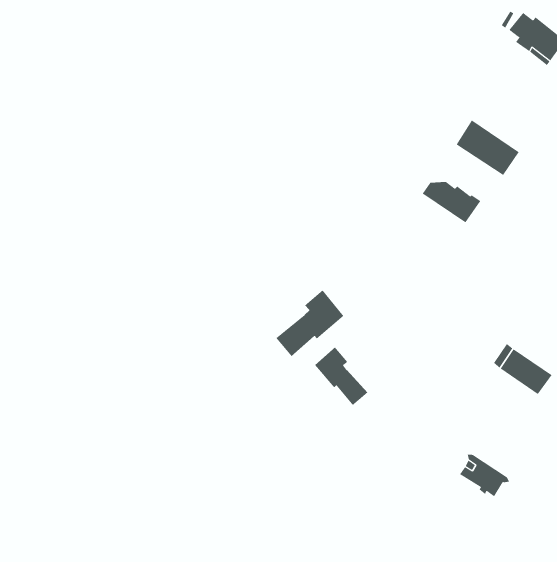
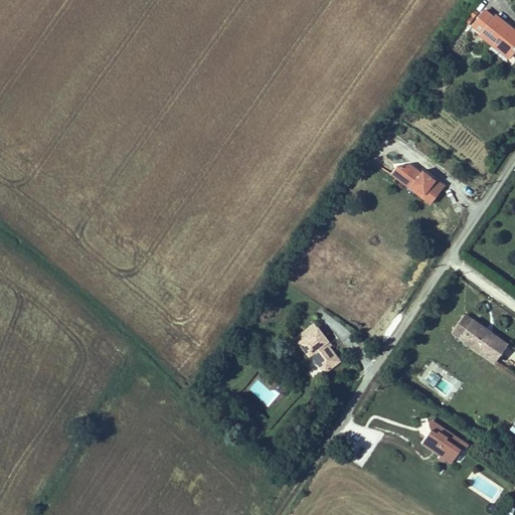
building: [456,119,520,176] -> none
building: [275,290,344,357] -> none

